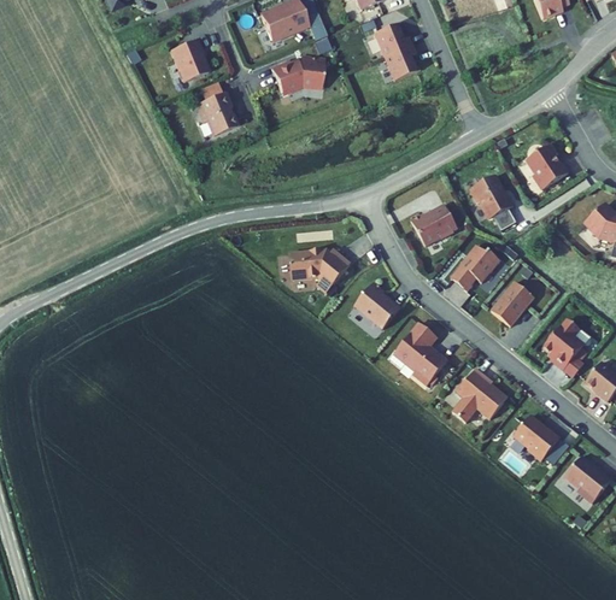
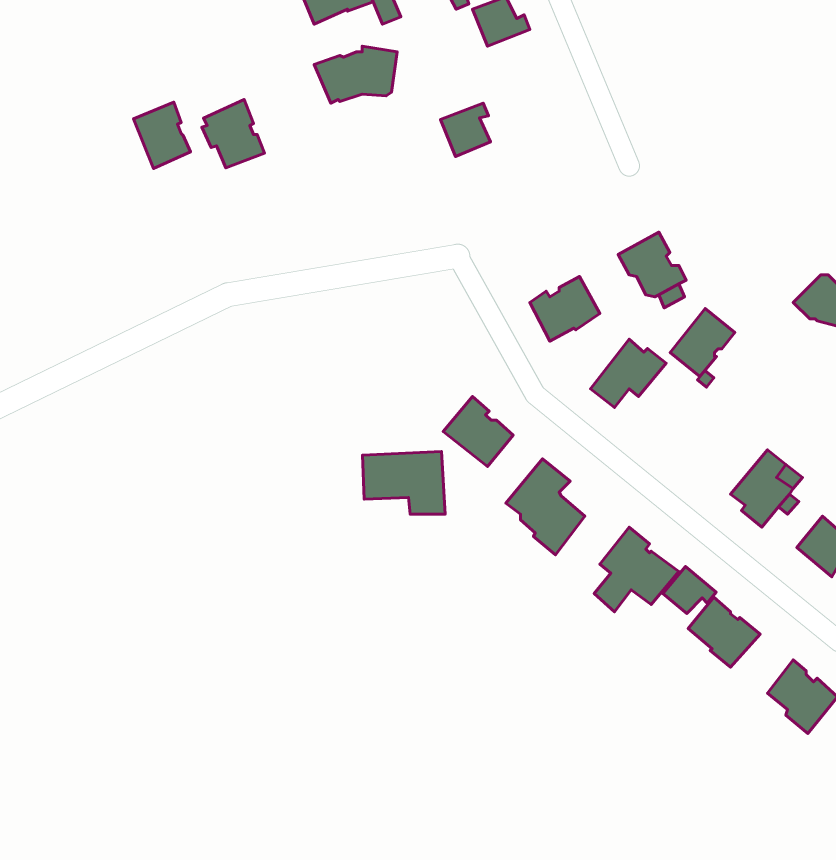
building: [170,37,207,81] -> [133,102,190,169]
building: [383,43,416,78] -> [441,103,490,156]
building: [526,145,568,190] -> none
building: [286,251,340,292] -> [362,451,445,514]
building: [492,282,534,327] -> [670,308,735,377]
building: none -> [663,567,716,613]

